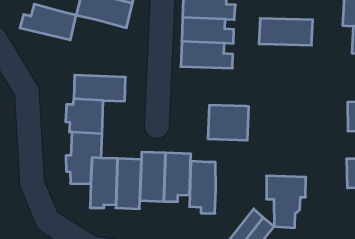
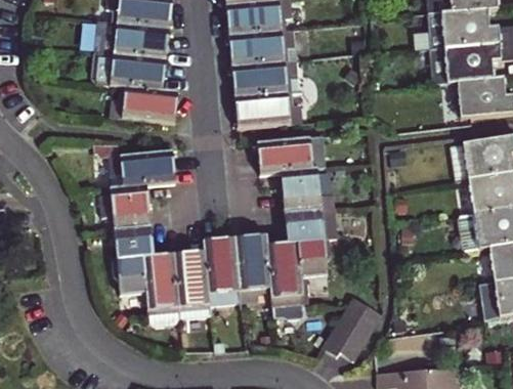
building: [20,4,76,40] -> [110,85,177,123]
building: [259,18,313,45] -> [257,135,326,174]
building: [266,176,306,228] -> [284,209,336,275]

